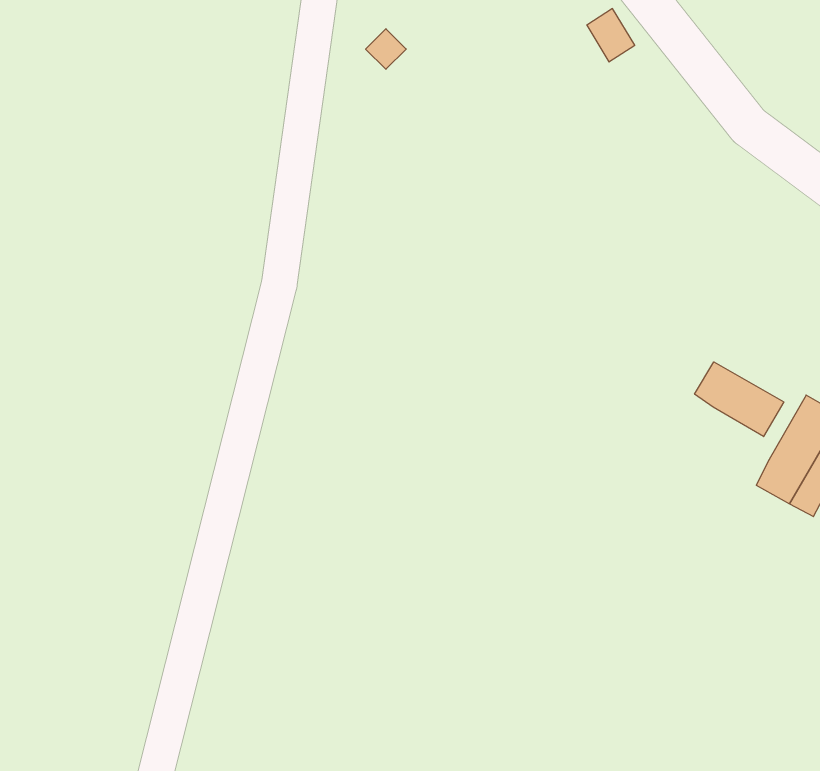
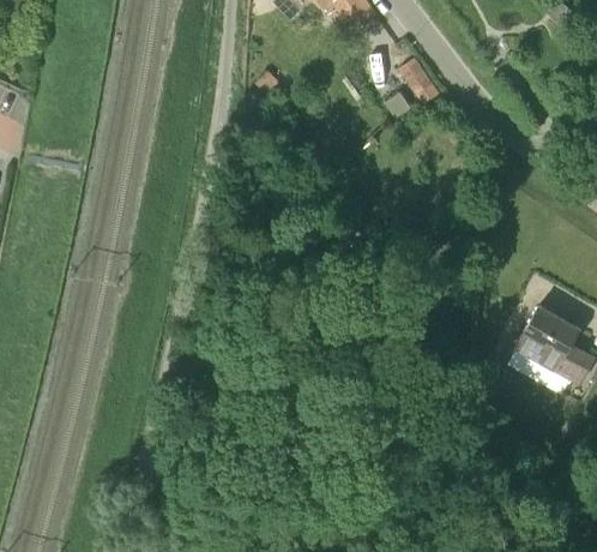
building: [695,362,784,437] -> none

